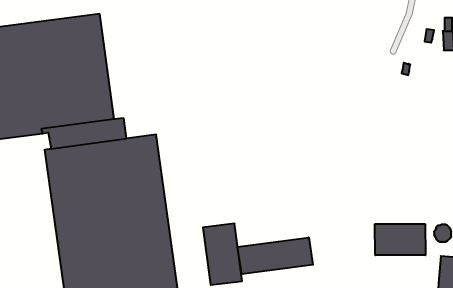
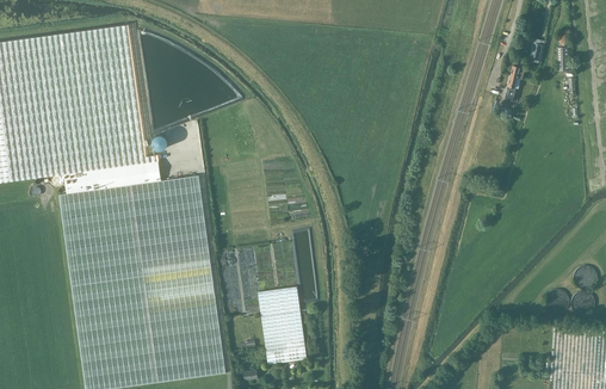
building: [375,224,425,255] -> none
building: [238,237,313,274] -> none

